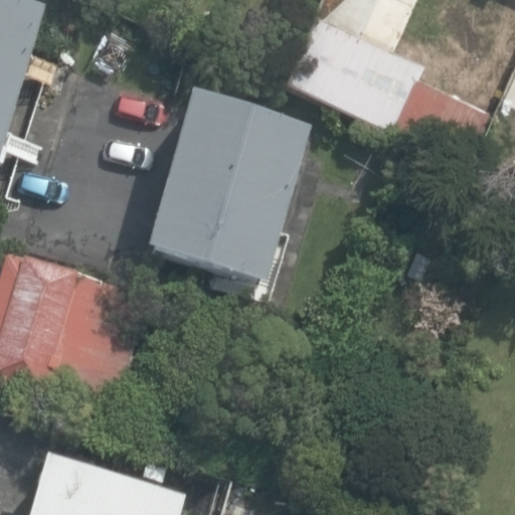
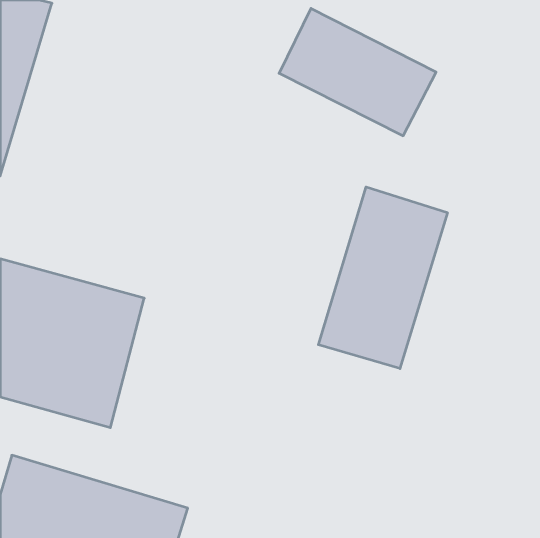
building: [147,87,313,282] -> none
building: none -> [318,187,447,369]

